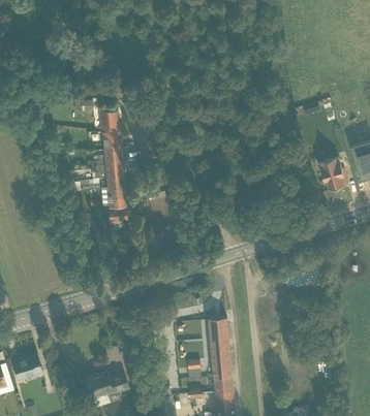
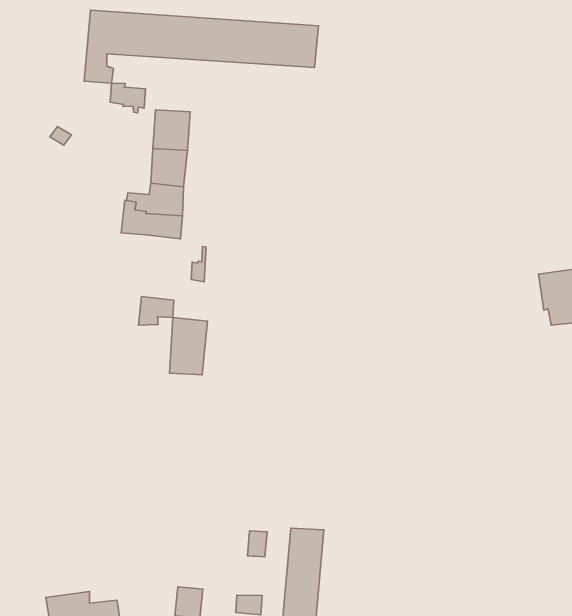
building: none -> [84,10,319,83]
building: [105,175,126,206] -> [169,317,207,375]

